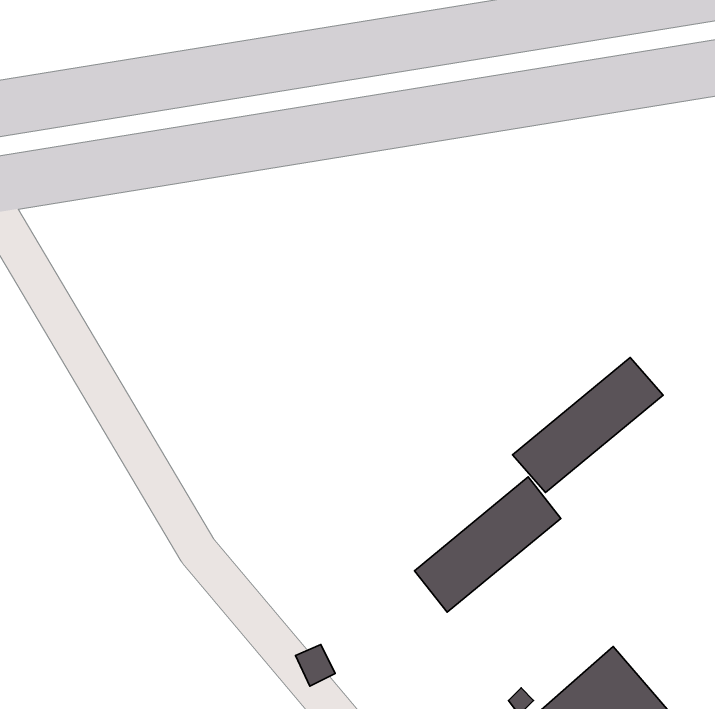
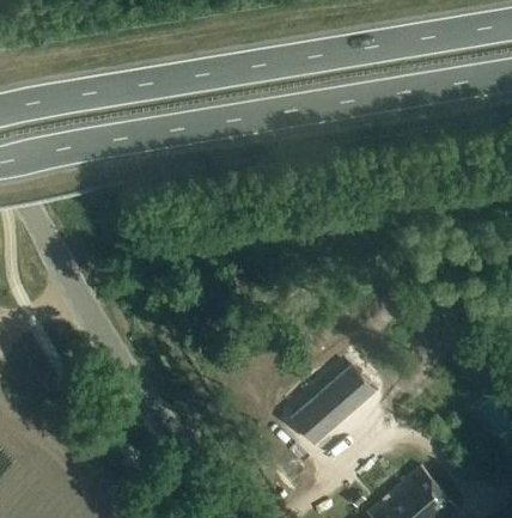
building: [512,357,663,492] -> none

